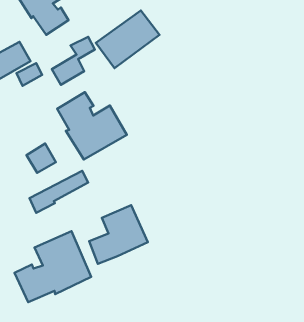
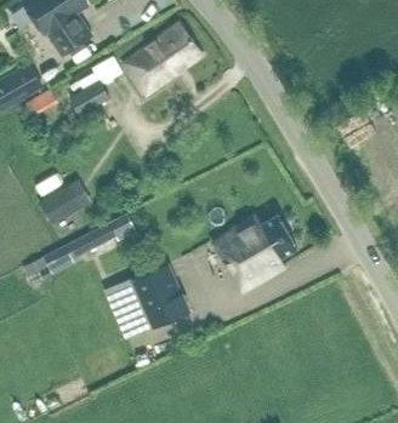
building: [57,92,127,159] -> none
building: none -> [209,213,298,295]
building: [15,231,91,302] -> none

